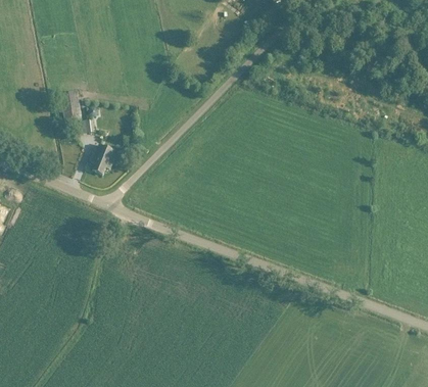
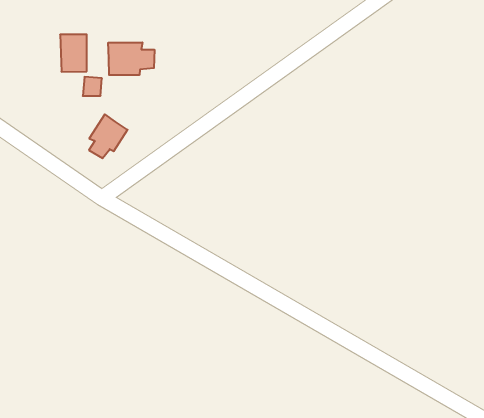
building: none -> [108,42,154,75]

